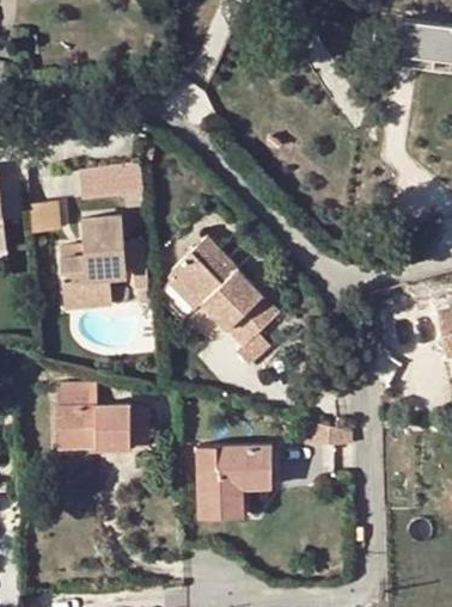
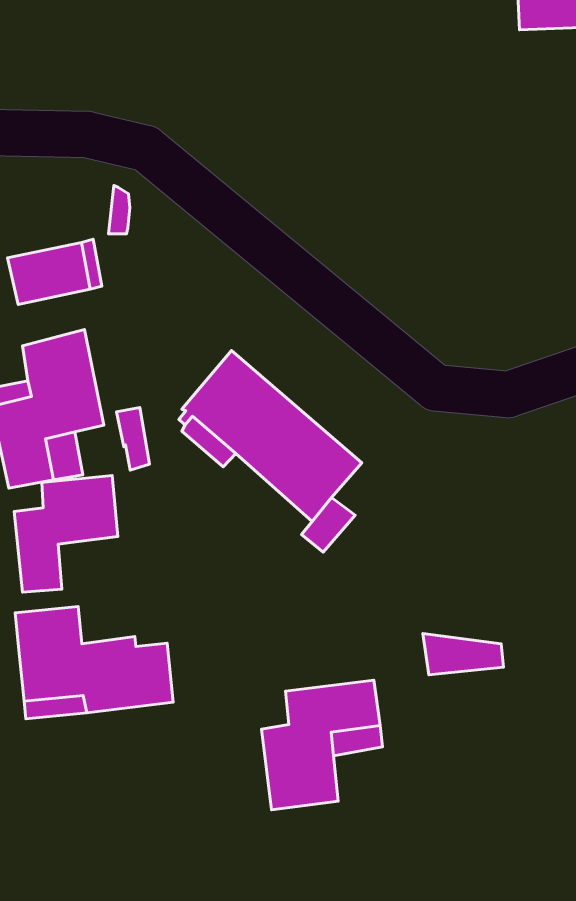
building: none -> [14,475,118,592]

